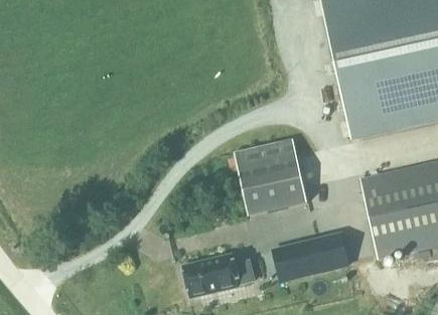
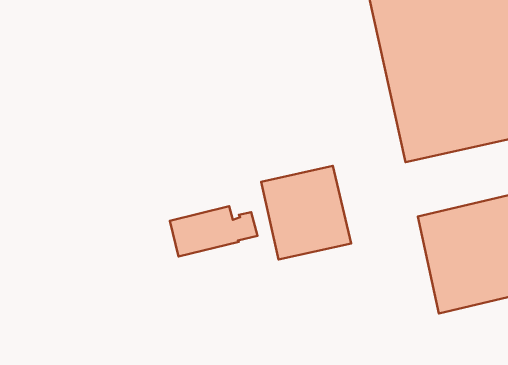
building: [273,233,347,280] -> none
building: [182,255,254,296] -> [170,206,257,257]

